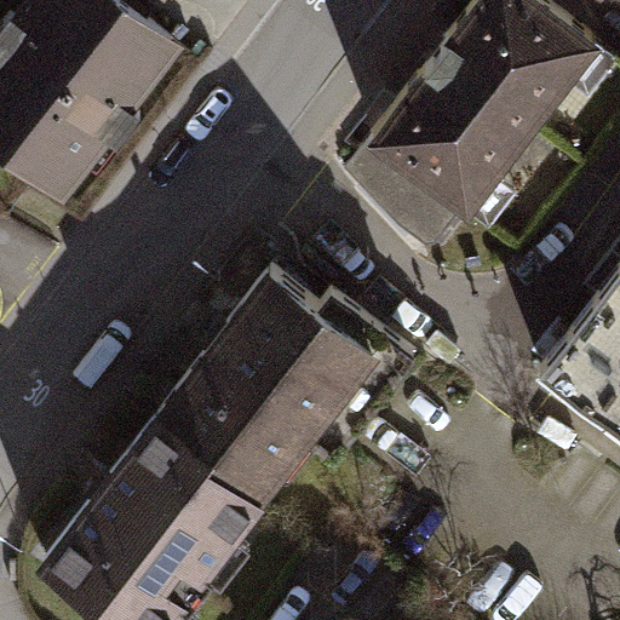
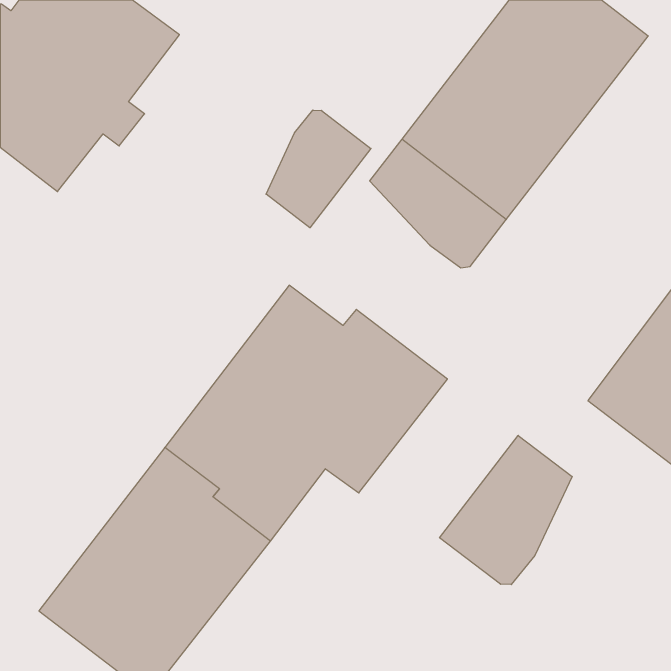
building: none -> [266,110,371,228]
building: none -> [440,435,572,585]

